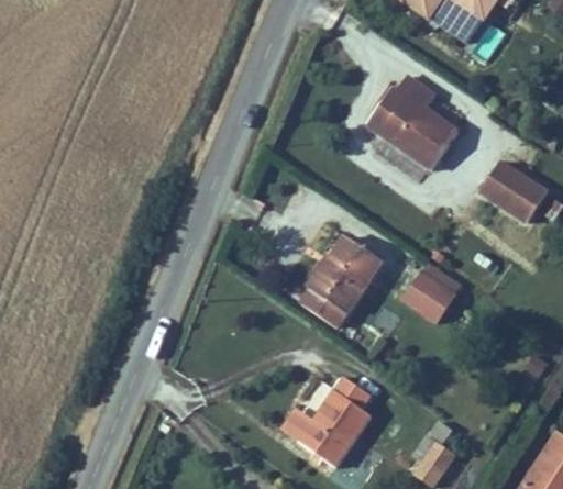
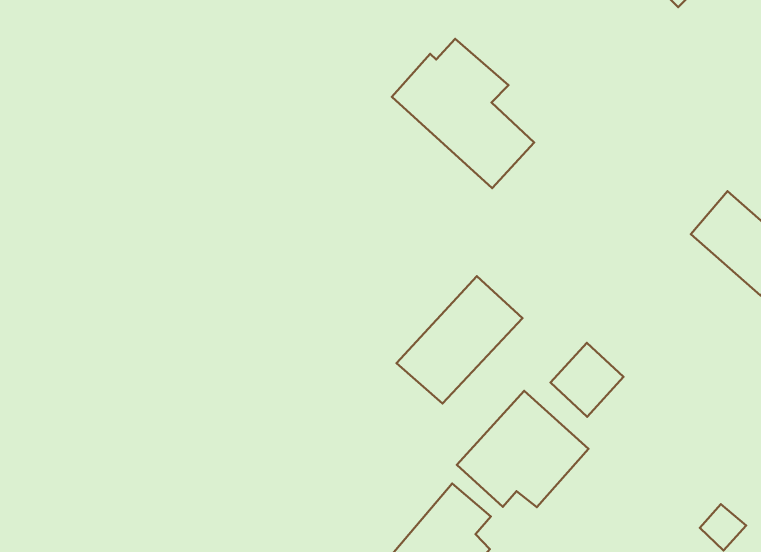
building: [356,67,455,164] -> [392,39,534,188]
building: none -> [457,391,589,507]

